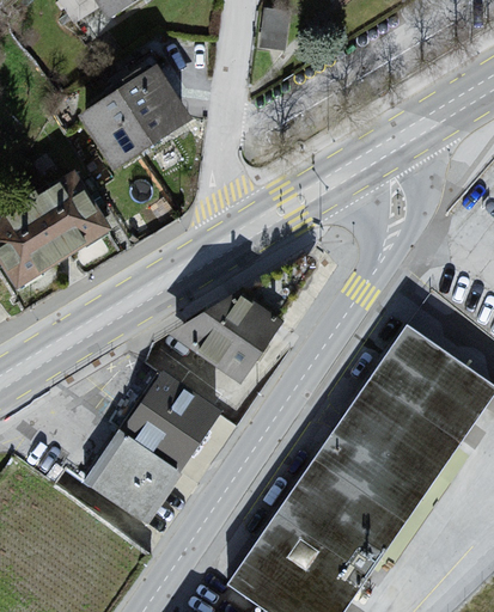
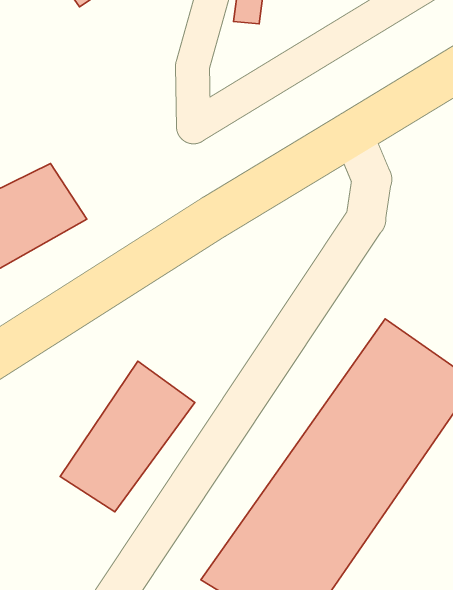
building: [79,71,193,169] -> none
building: [139,293,283,412] -> none

